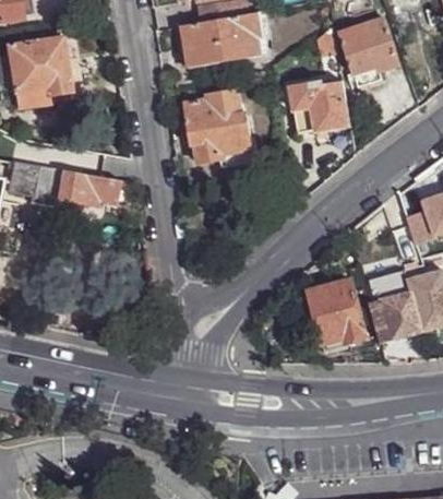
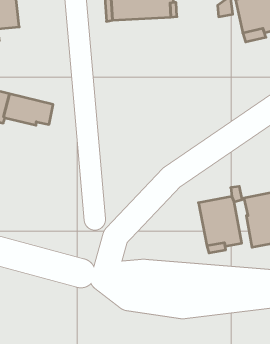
building: [290,83,350,136] -> none
building: [182,91,253,166] -> none

